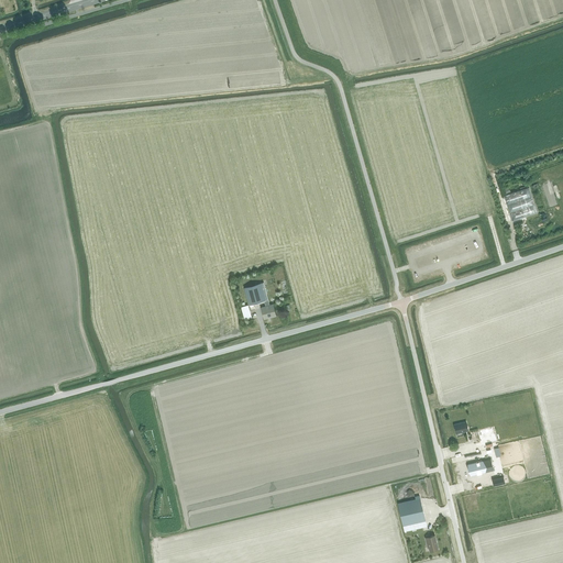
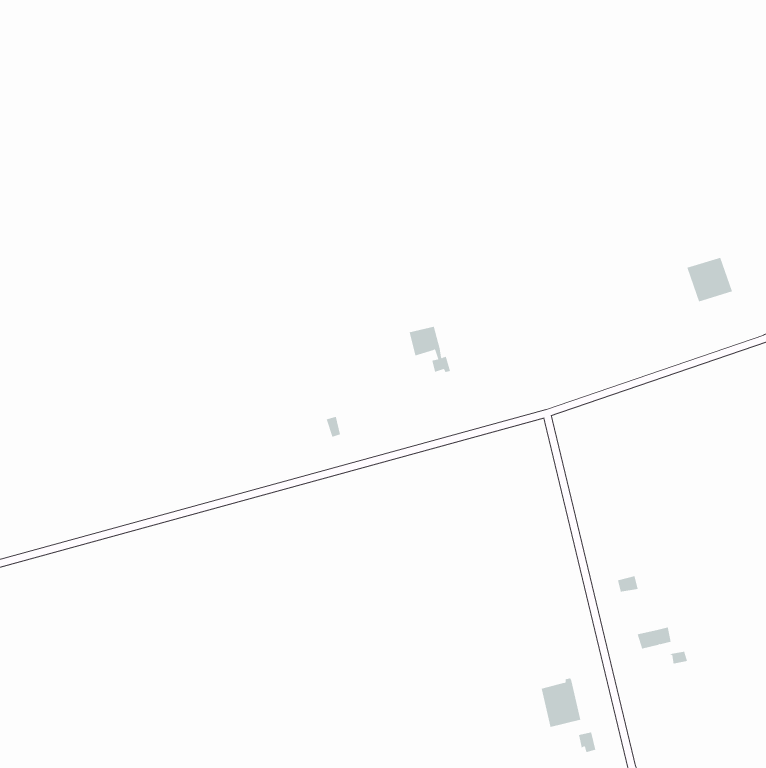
building: [244,283,275,317] -> [409,326,451,373]

